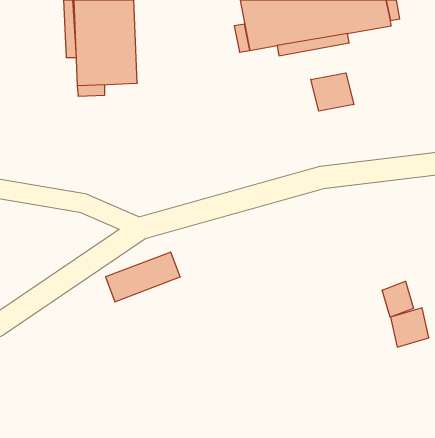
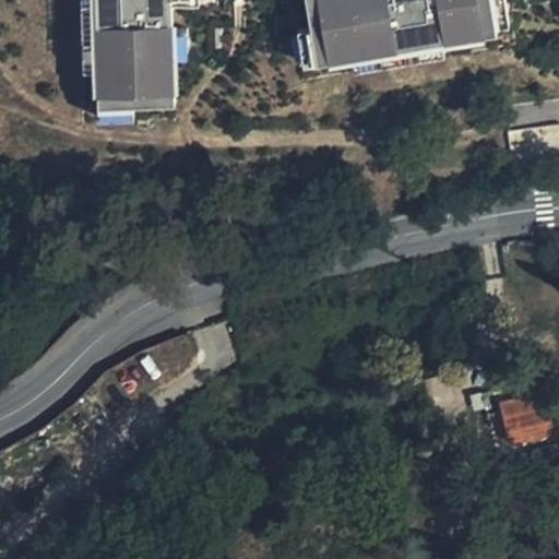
building: [311,73,354,111] -> none
building: [382,281,414,317] -> none

